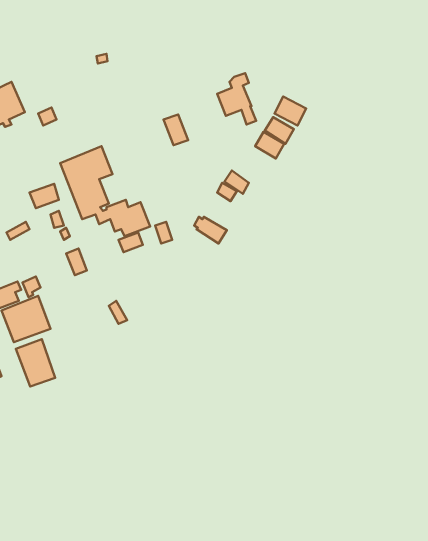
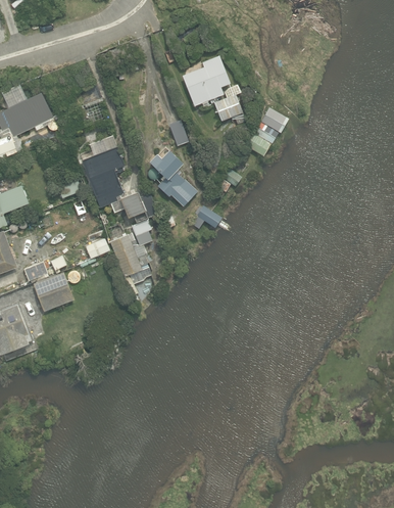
building: none -> [183,55,231,106]
building: none -> [149,146,198,206]
building: none -> [110,235,148,276]
building: [16,339,55,387] -> none

